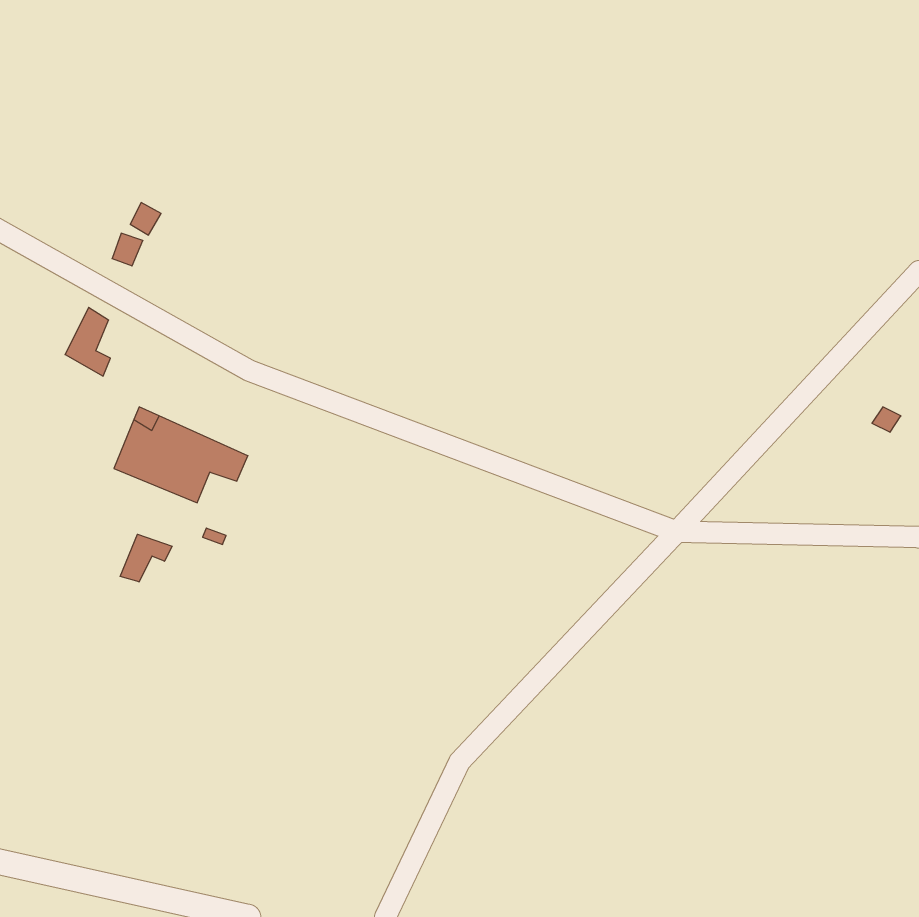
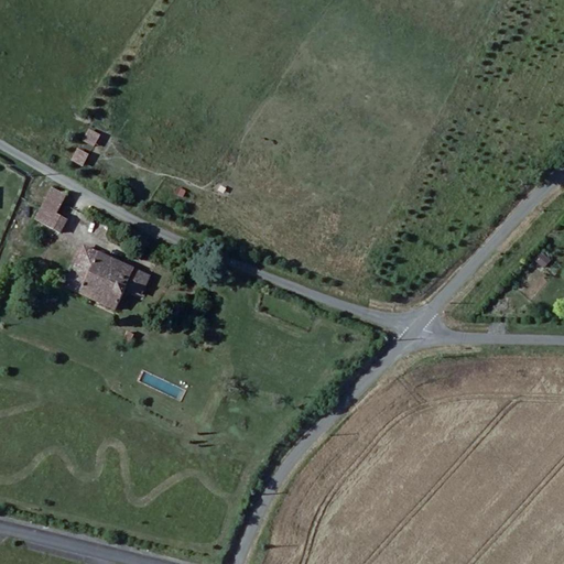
building: [120,534,172,582] -> none

